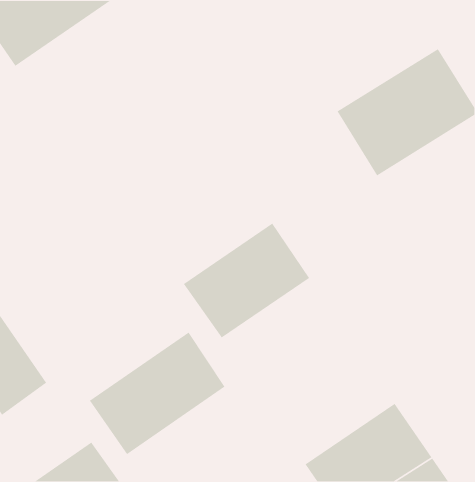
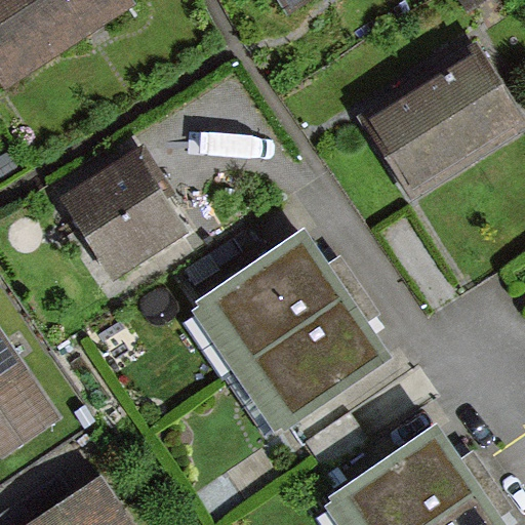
building: none -> [70,149,189,271]
building: none -> [241,302,378,429]
building: [89,332,225,455] -> none

